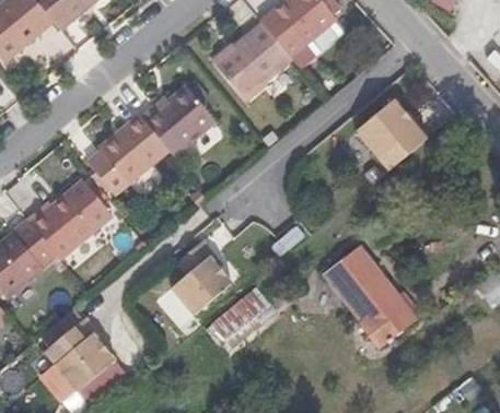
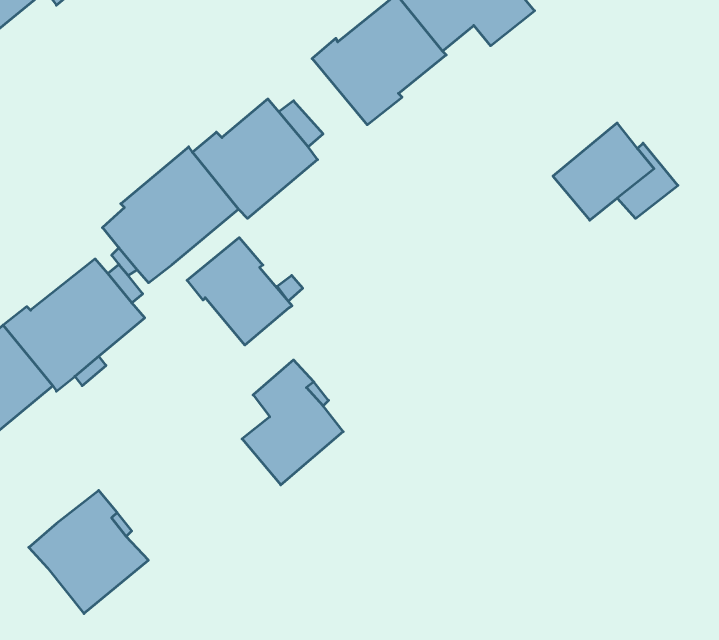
building: none -> [187,238,292,345]
building: [325,247,415,345] -> none
building: [212,287,270,342] -> none

